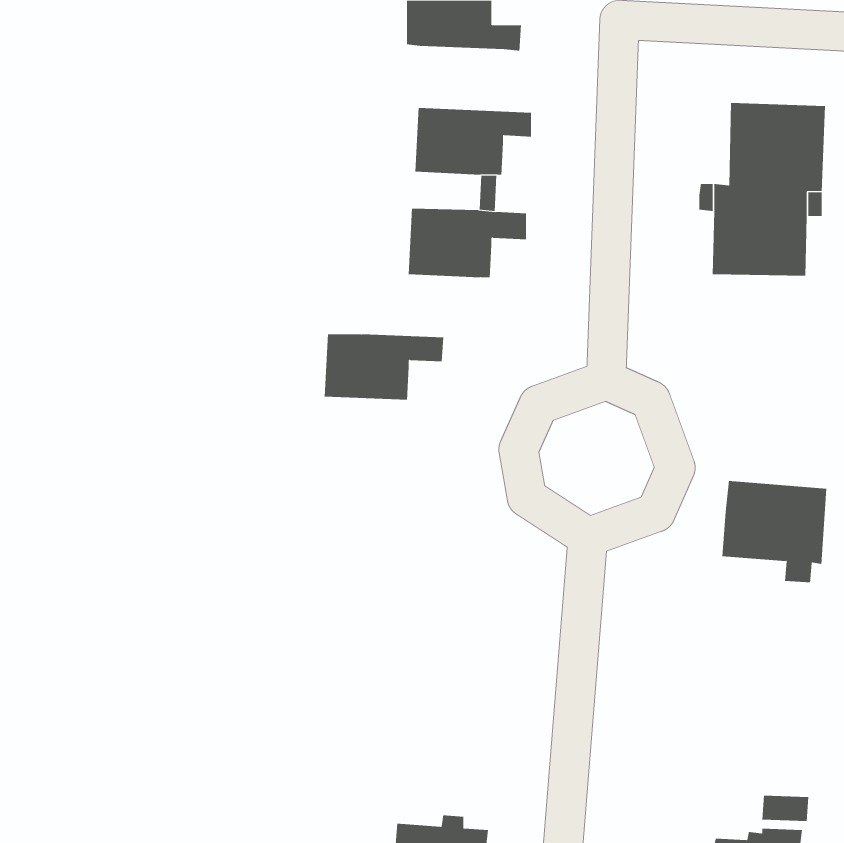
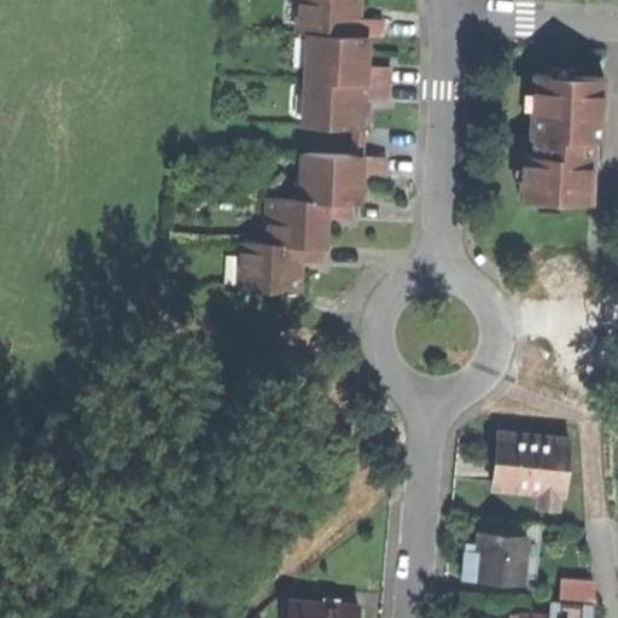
building: none -> [305,35,390,83]
building: none -> [264,200,351,247]
building: [722,480,827,583] -> [491,433,569,508]
building: none -> [461,519,540,584]

